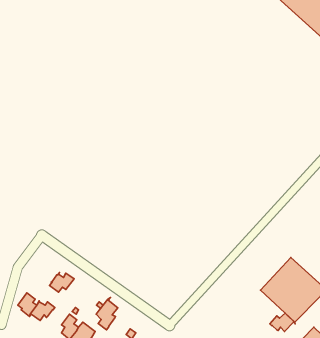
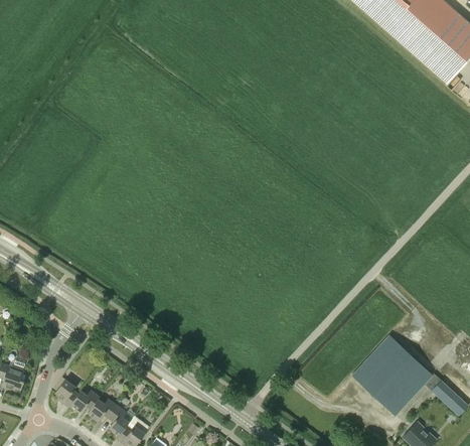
building: [50,272,74,292] -> [88,397,118,421]
building: [96,297,118,330] -> none
building: [270,313,295,331] -> none

